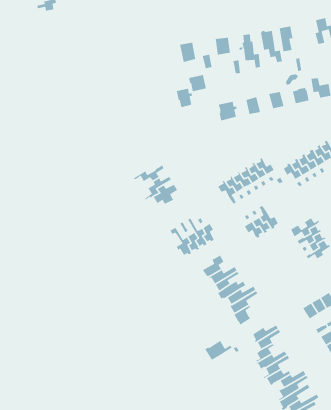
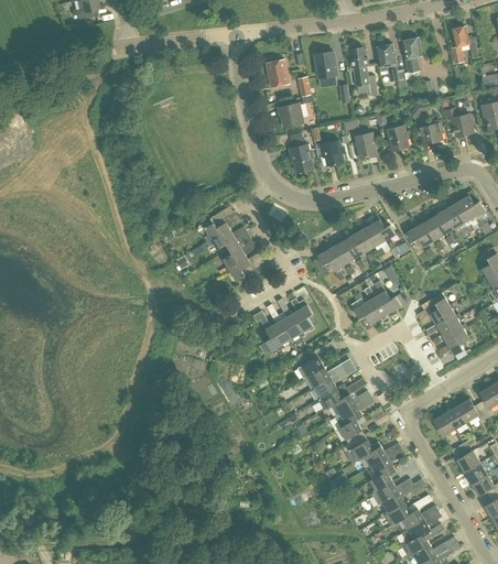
building: [176,88,193,108] -> [290,145,313,173]
building: none -> [202,208,240,245]
building: [204,340,233,361] -> [342,435,380,464]

